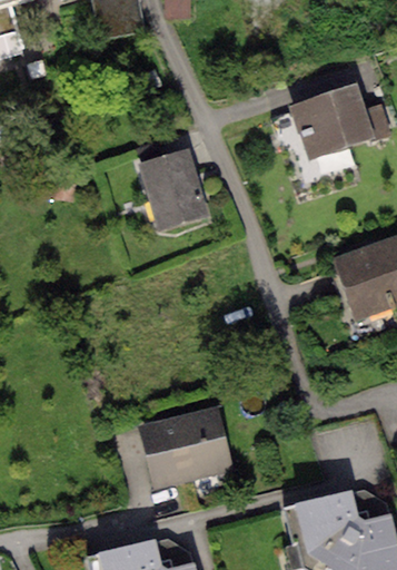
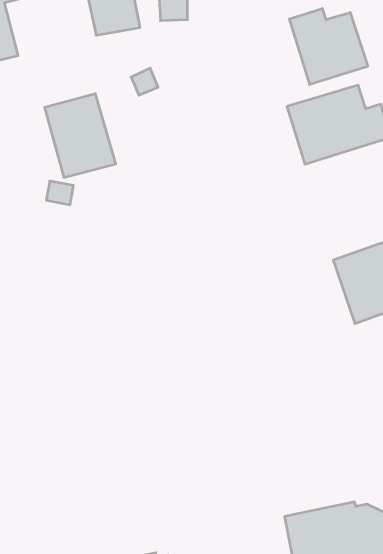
building: none -> [289,8,368,85]
building: [138,149,208,232] -> [45,94,116,177]
building: [139,407,232,490] -> none

